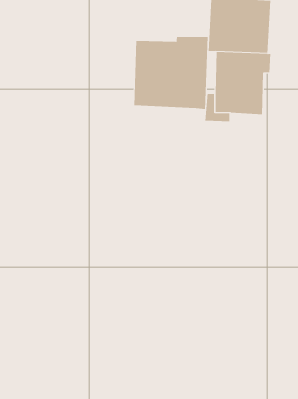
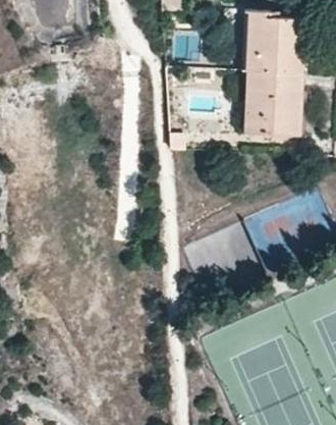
building: [134,36,208,110] -> none

